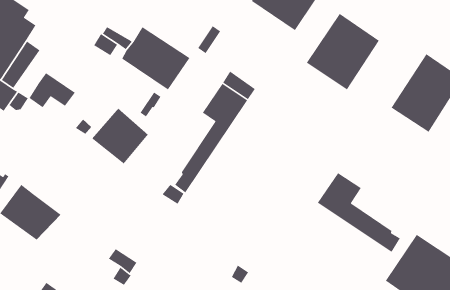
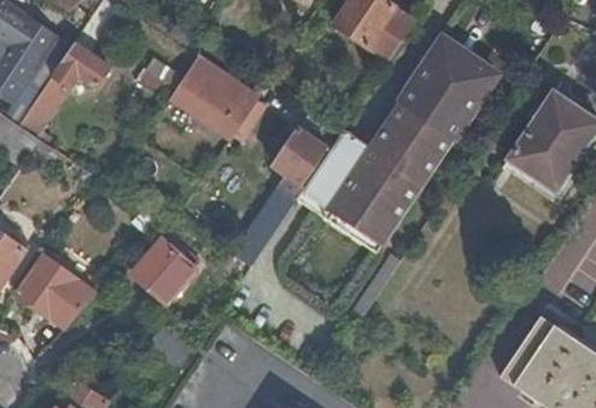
building: none -> [305,101,454,241]
building: [29,72,76,108] -> [52,41,111,86]
building: [91,108,149,164] -> [128,234,200,305]
building: [317,172,401,253] -> none

